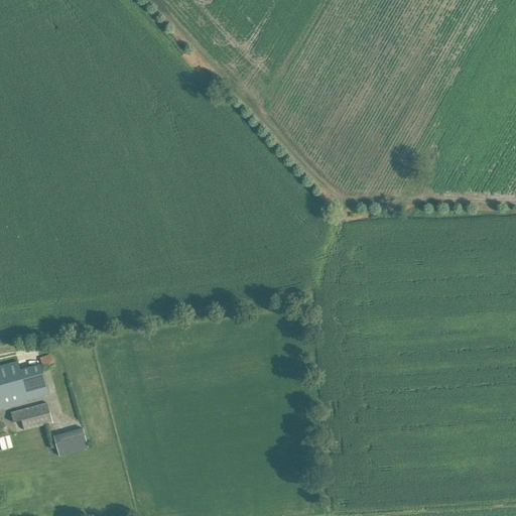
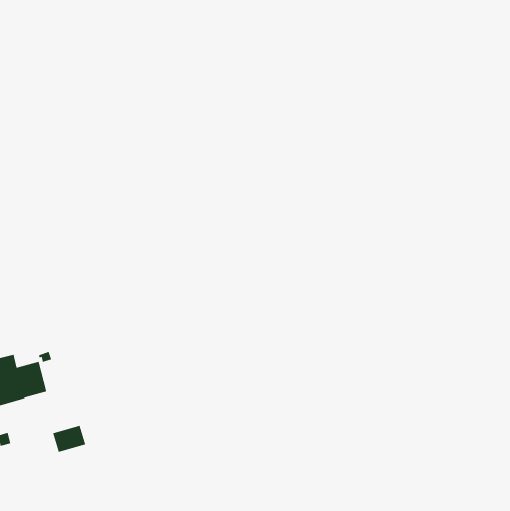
building: [8,401,51,429] -> none

